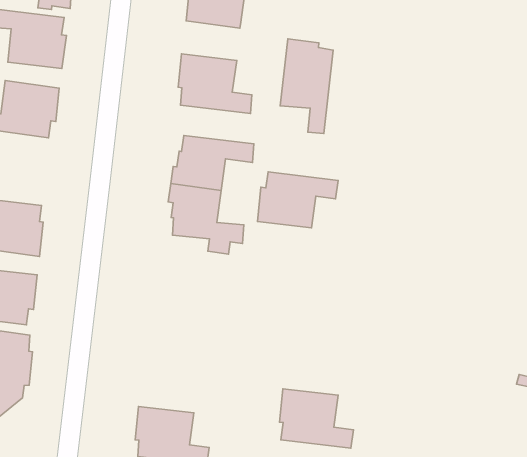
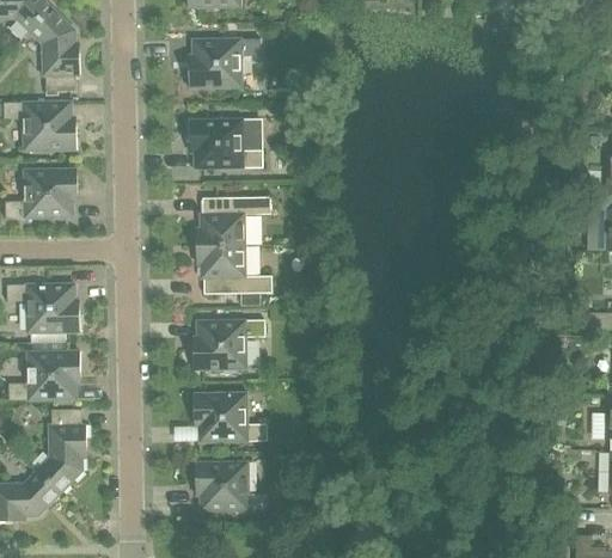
building: [280,39,333,134] -> none
building: [257,172,338,228] -> [191,319,264,369]
building: [280,389,353,448] -> [192,392,265,442]

